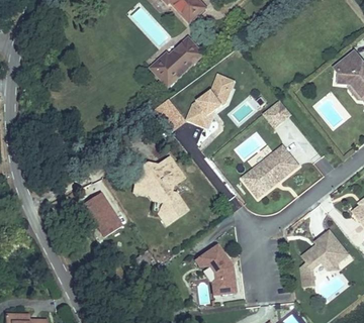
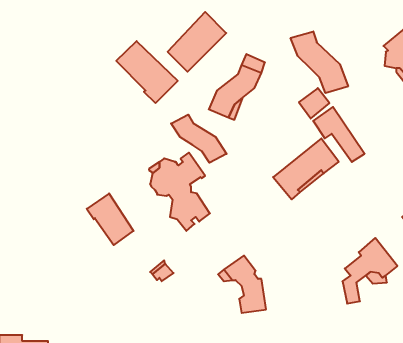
building: none -> [291,31,348,93]
building: none -> [116,41,178,103]
building: none -> [171,115,227,163]

